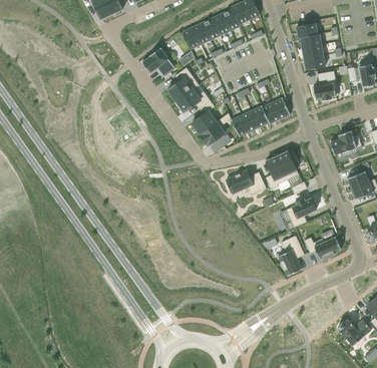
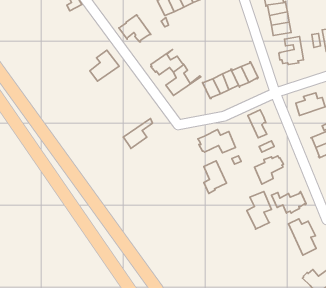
building: [167,67,199,100] -> [90,50,119,81]
building: [200,113,231,145] -> [123,118,152,149]
building: [266,154,290,190] -> [204,161,227,194]
building: none -> [288,219,316,255]

